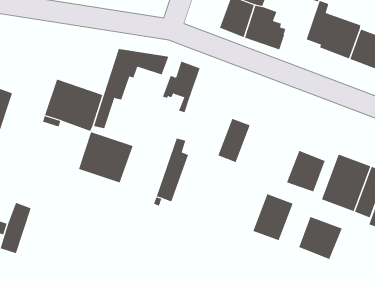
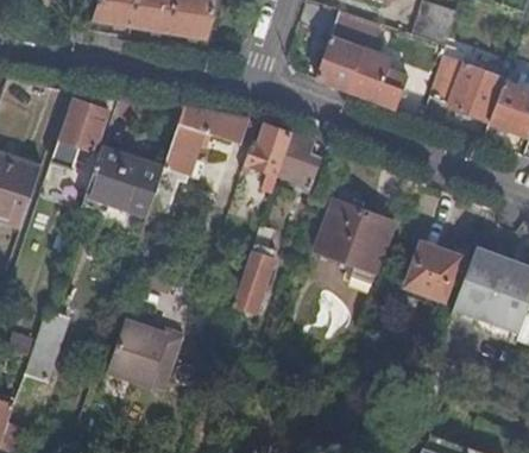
building: none -> [51,99,108,166]
building: none -> [277,133,320,185]
building: [78,132,133,183] -> [108,323,182,392]
building: [252,194,294,241] -> [339,209,393,272]
building: [299,216,342,260] -> none

